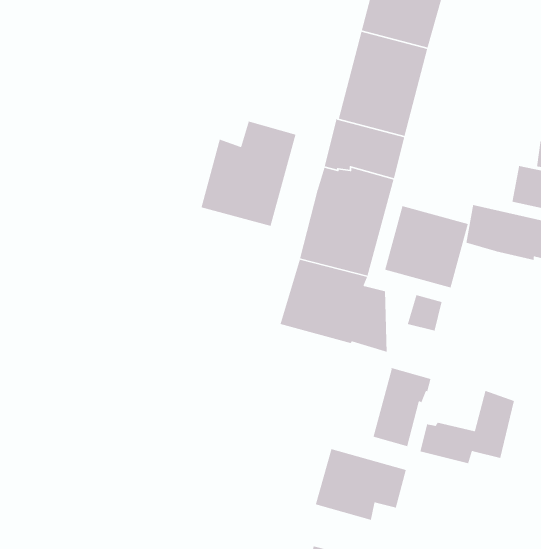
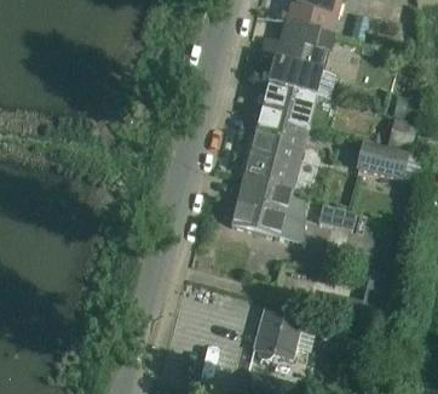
building: [200,121,297,227] -> none
building: [384,205,469,288] -> none
building: [373,367,432,447] -> none

